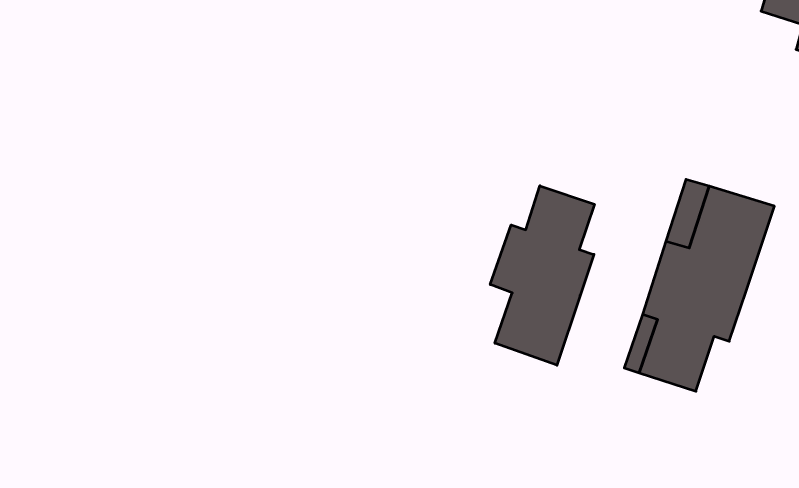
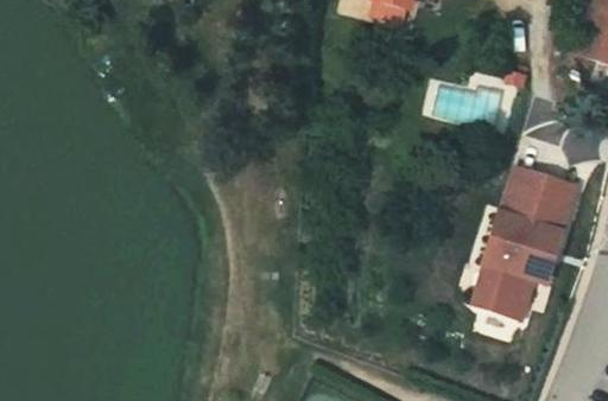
building: [490,186,594,365] -> none

